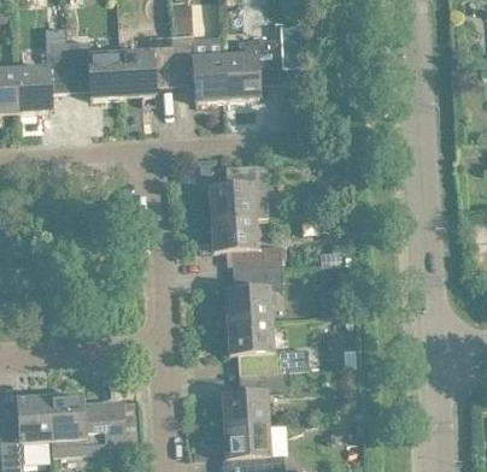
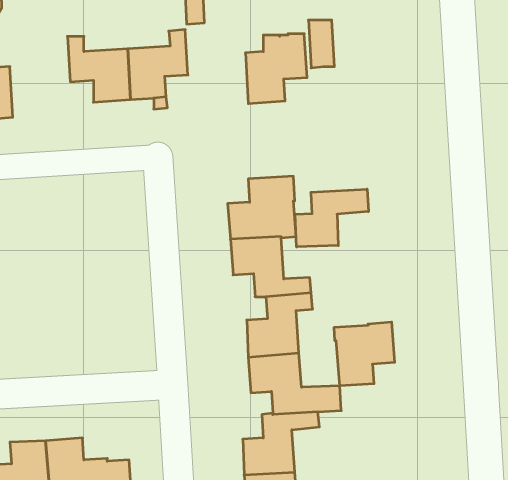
building: [171,33,227,100] -> none
building: [17,40,71,111] -> none
building: none -> [295,189,368,247]
building: none -> [334,322,395,386]

